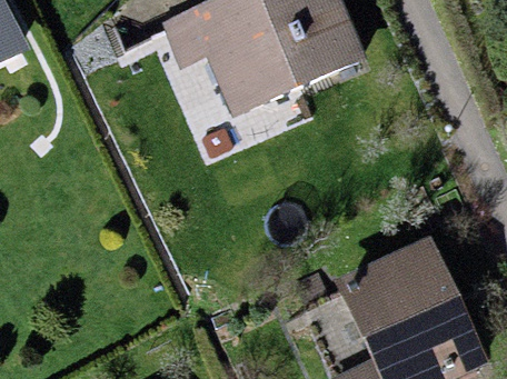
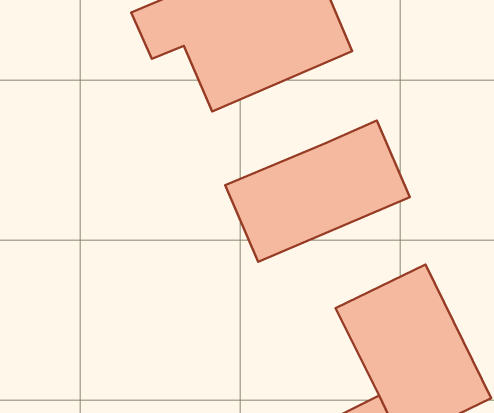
building: none -> [225,121,410,262]

